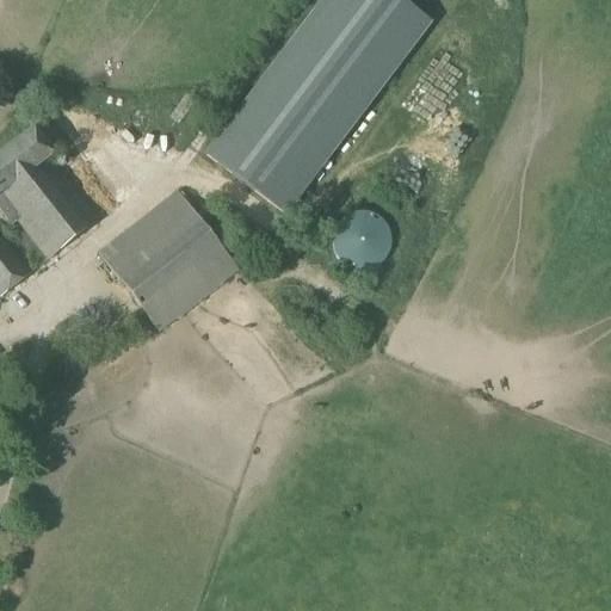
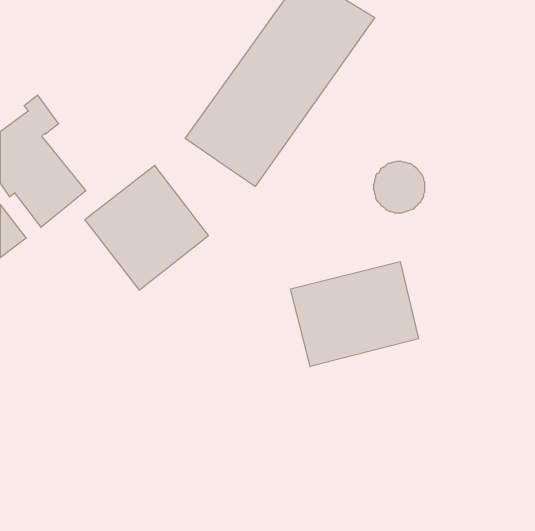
building: [331,210,389,269] -> [373,161,425,213]
building: none -> [291,262,419,367]

